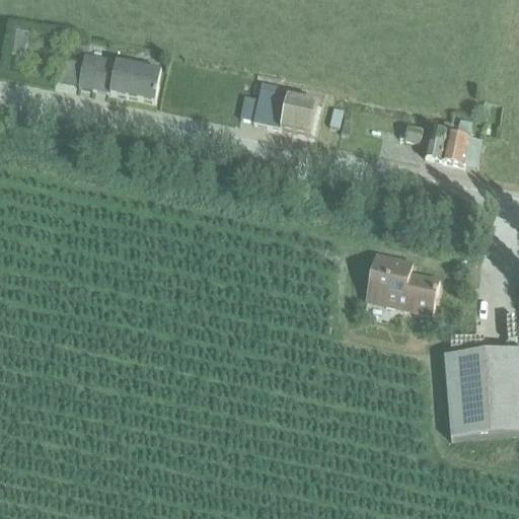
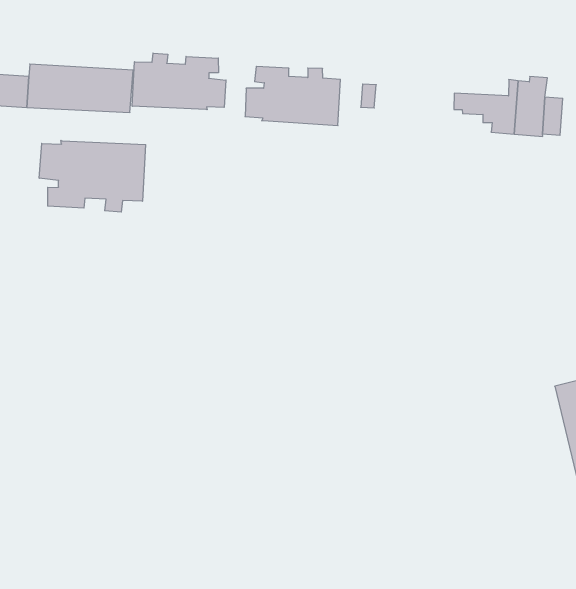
building: none -> [132,53,226,110]
building: none -> [39,140,146,212]
building: [366,253,440,314] -> none

